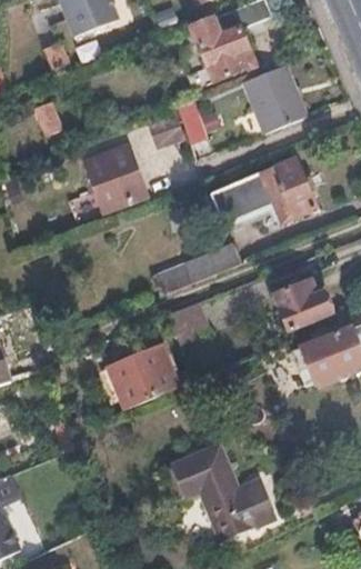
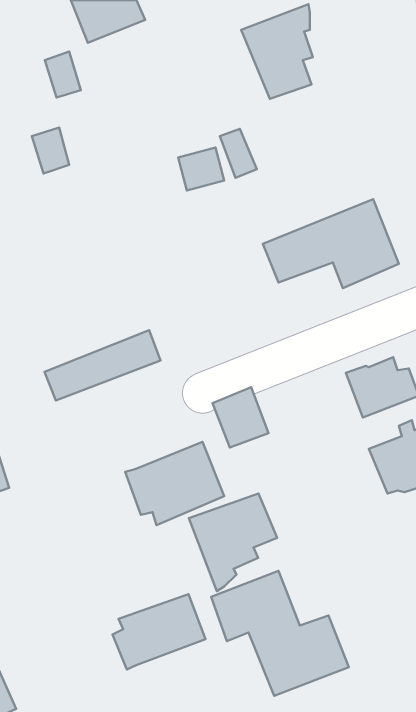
building: [243,64,305,132] -> none
building: [83,142,147,209] -> none
building: [152,242,242,297] -> [44,330,160,401]
building: none -> [189,494,277,591]
building: none -> [112,594,205,670]

